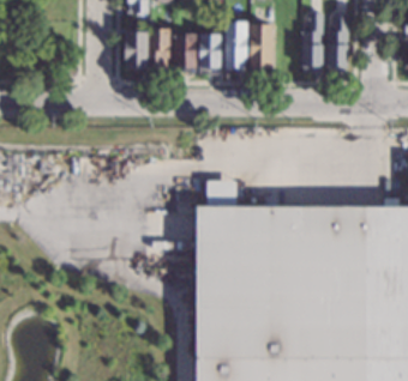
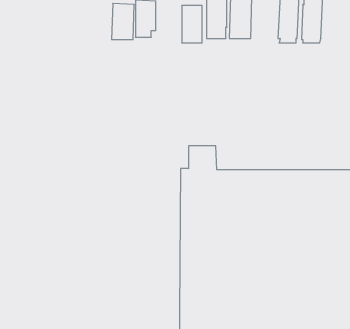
building: [174,34,197,67] -> none

